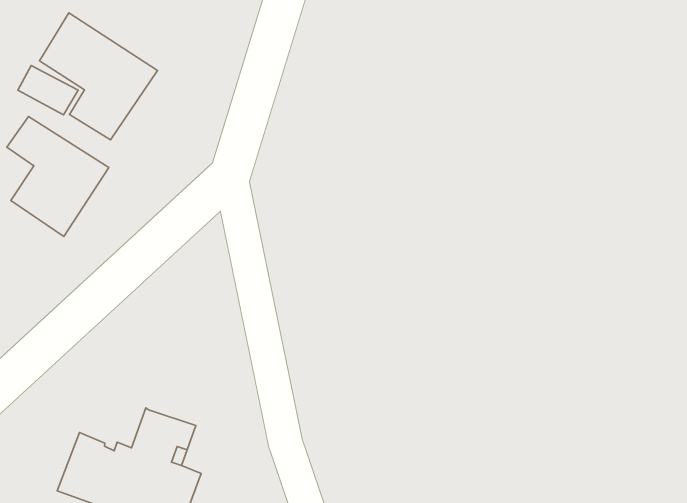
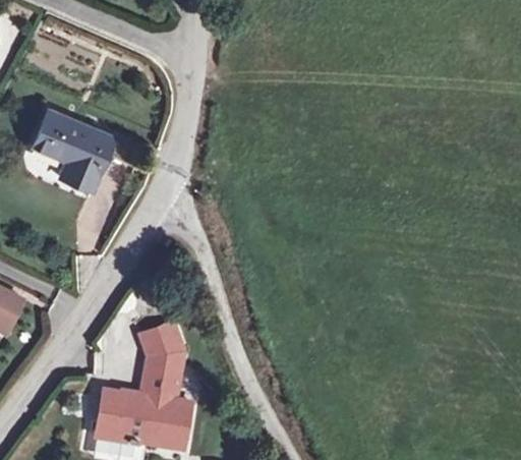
building: [7,116,109,237] -> none
building: none -> [139,323,185,372]

